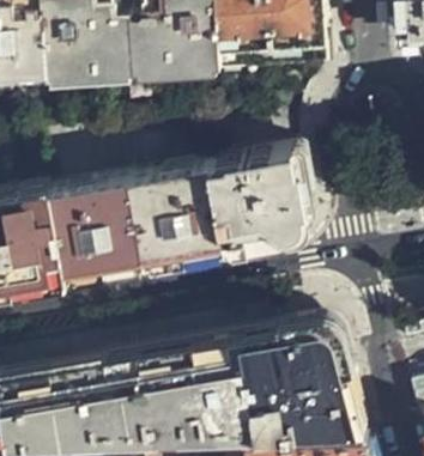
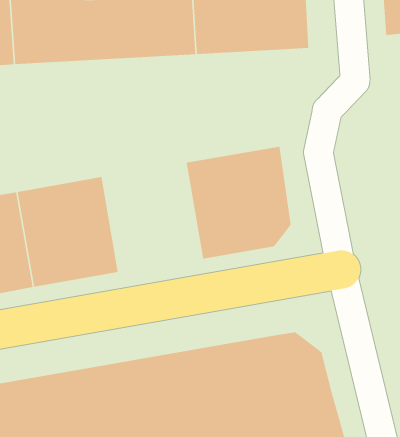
building: [128,166,223,269] -> none

